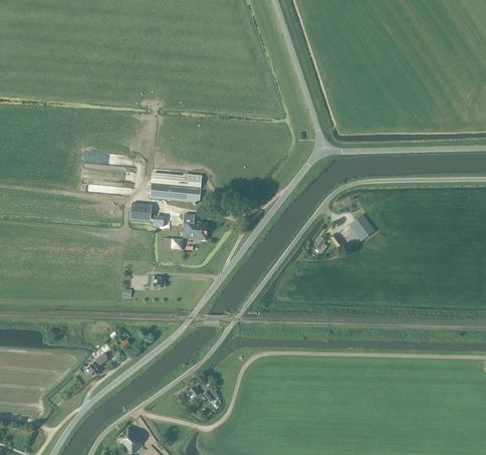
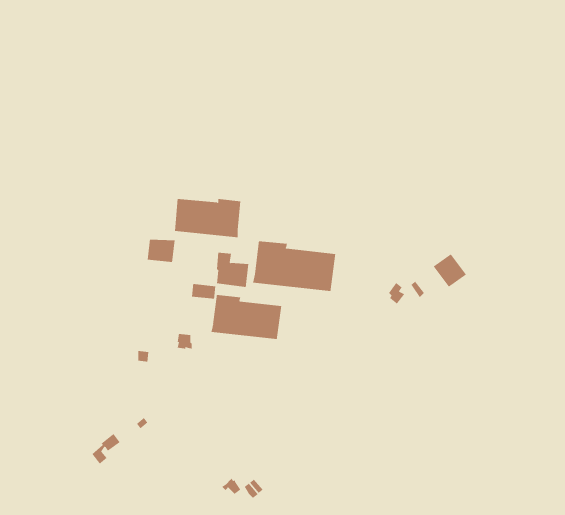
building: none -> [252,240,336,292]
building: none -> [211,294,282,340]

